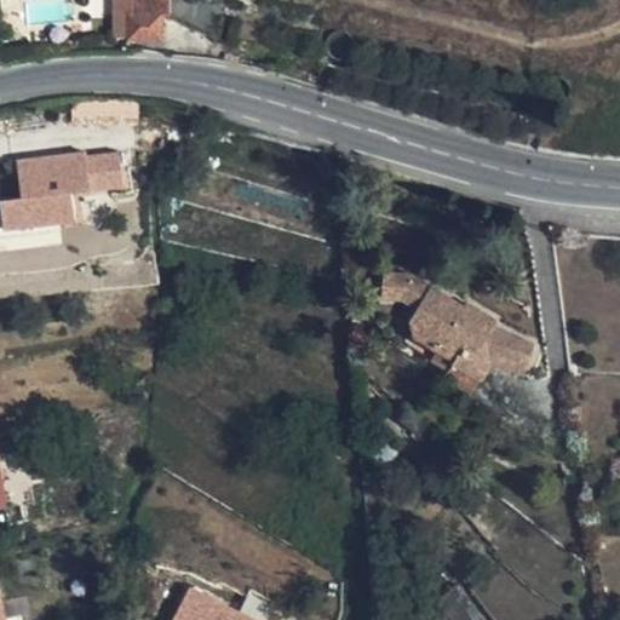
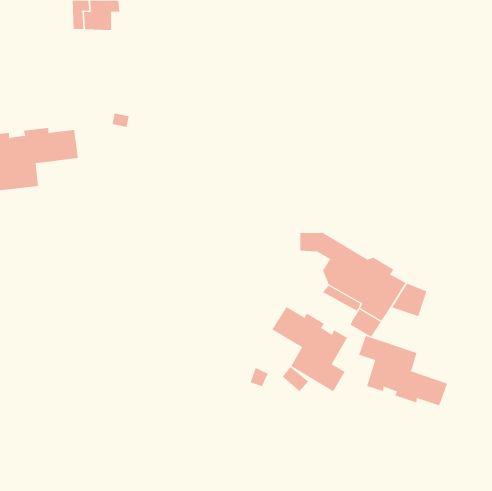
building: none -> [272,306,348,392]
building: none -> [359,335,448,406]

